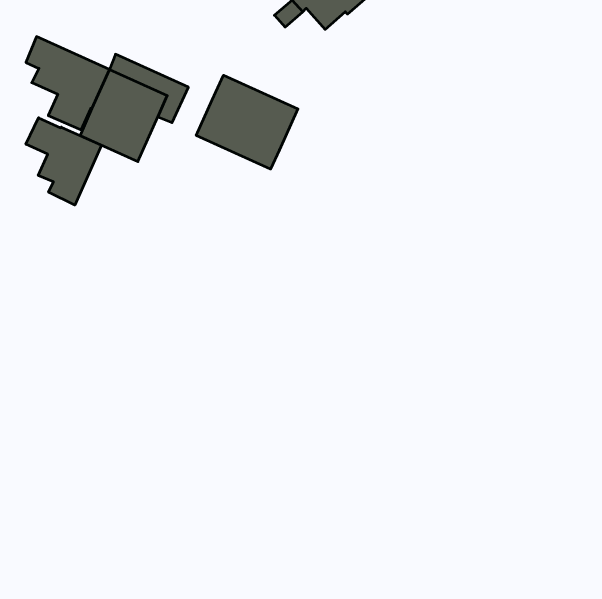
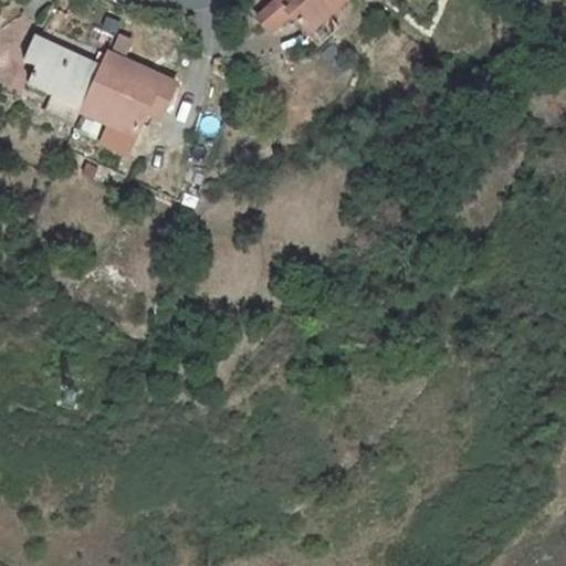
building: [196,75,298,169] -> none
building: [26,118,102,205] -> none

